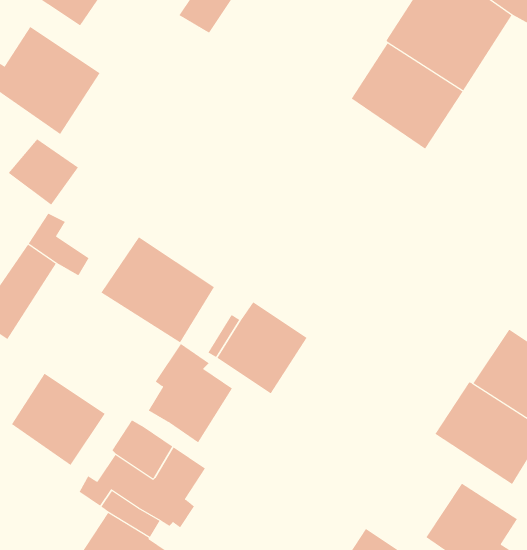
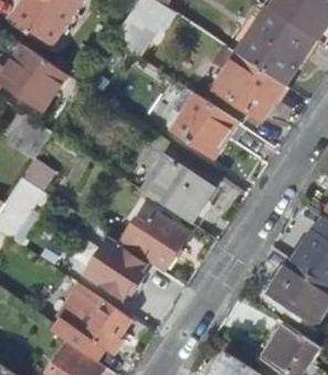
building: none -> [172,95,240,153]
building: [100,236,215,343] -> [141,158,211,223]
building: [11,373,105,466] -> none

